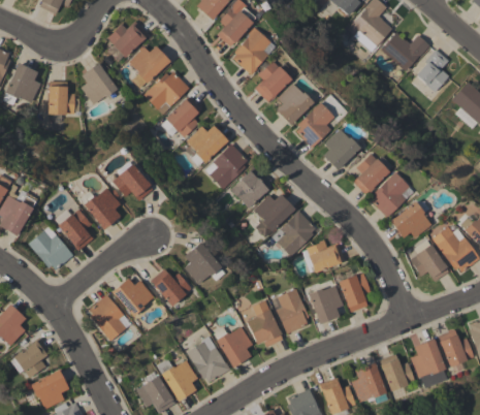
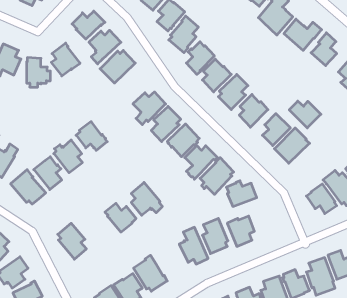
building: [161,96,202,137] -> none
building: none -> [289,101,321,128]
building: [390,201,433,237] -> none
building: [339,273,371,312] -> none
building: [111,278,153,317] -> none
building: [216,326,253,368] -> none

